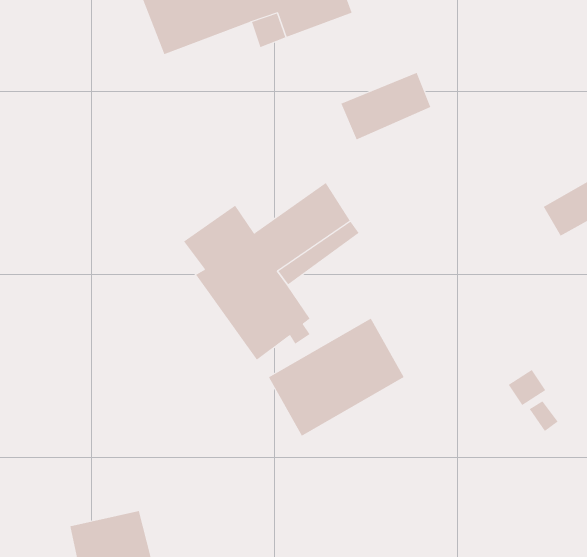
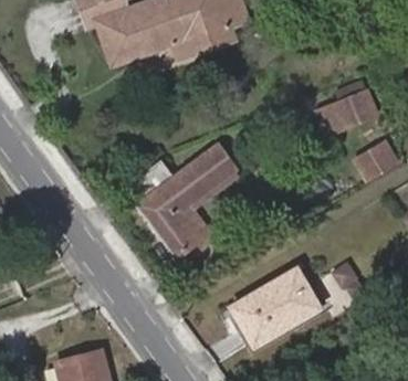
building: [340,72,431,140] -> [314,92,372,135]
building: [268,318,404,437] -> [233,267,320,342]

